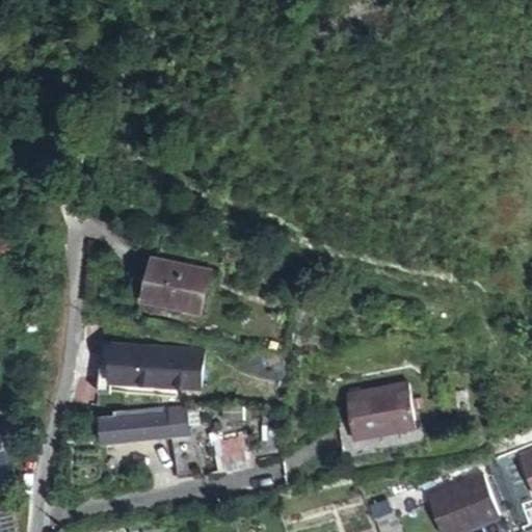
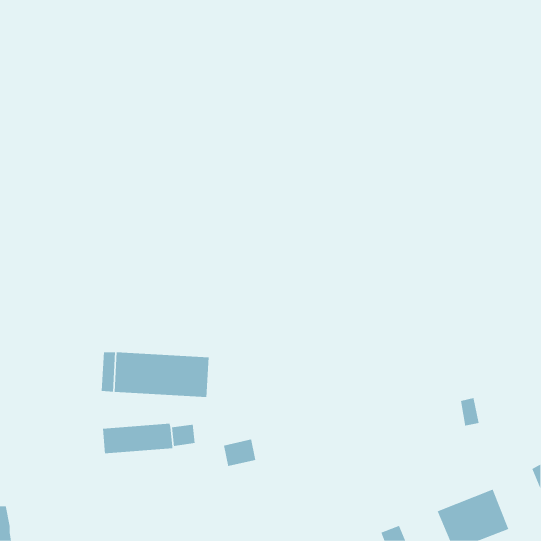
building: [136,256,197,308] -> none
building: [344,383,415,436] -> none

